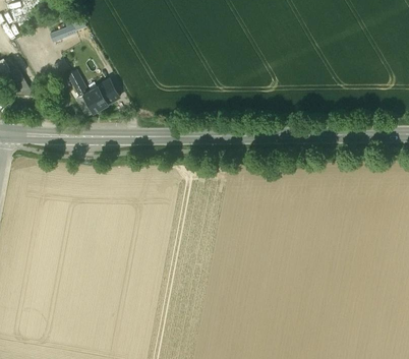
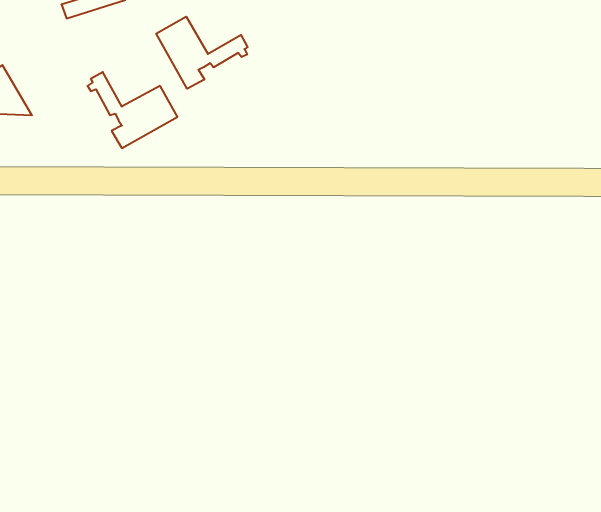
building: none -> [156,17,248,89]

